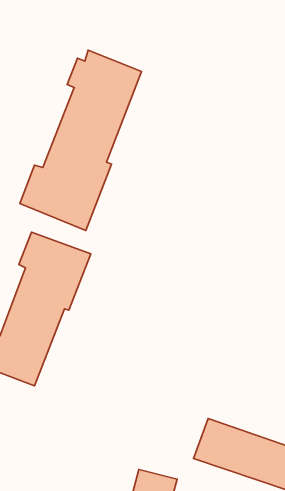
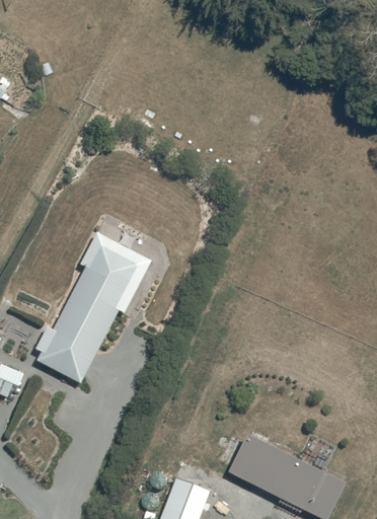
building: [20,50,142,231] -> none

